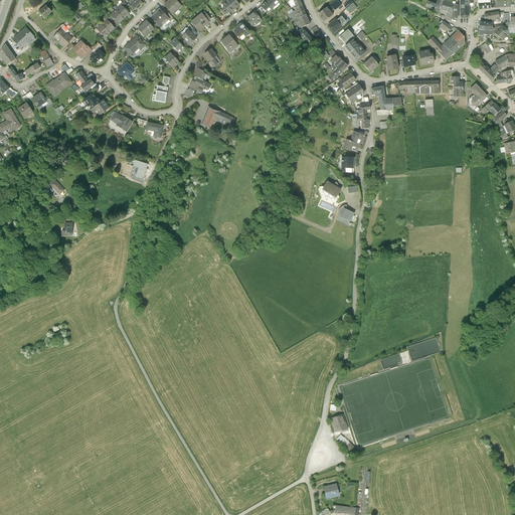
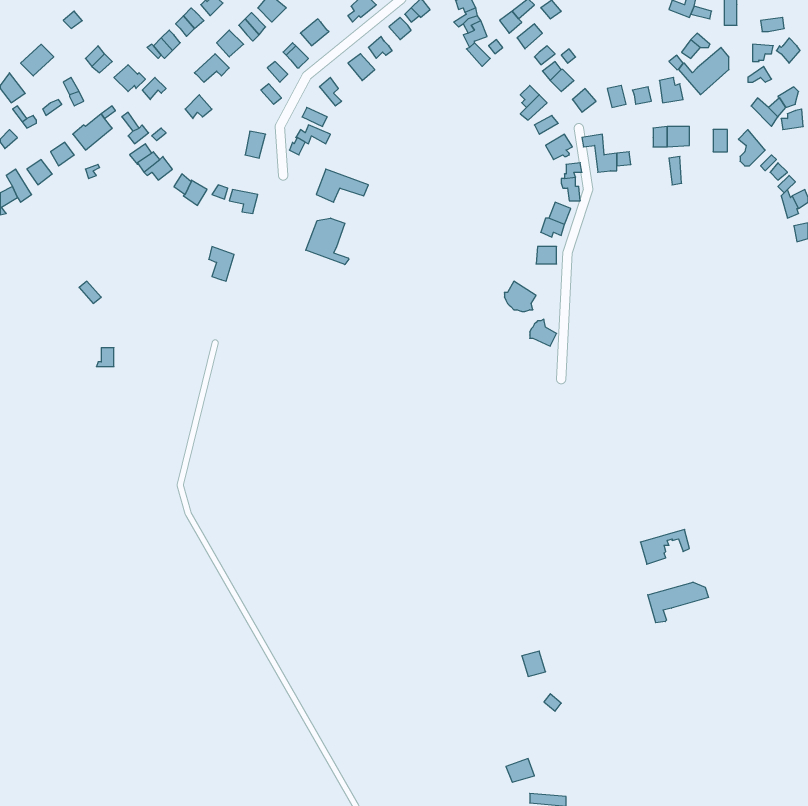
building: none -> [306,218,349,265]
building: none -> [648,582,709,623]

